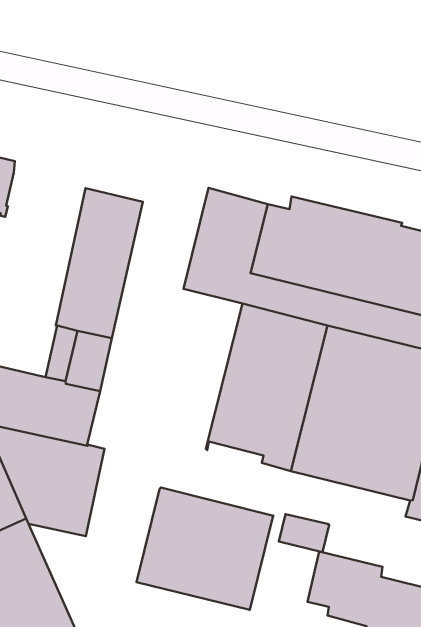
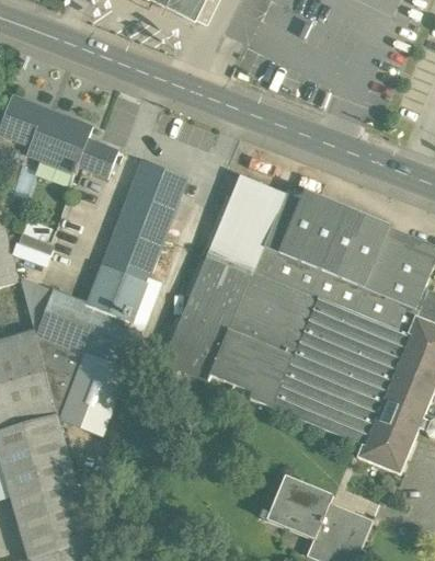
building: none -> [77,139,116,176]
building: none -> [161,251,252,380]
building: [136,487,273,610] -> none
building: [279,514,329,552] -> none

